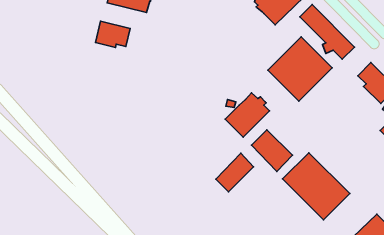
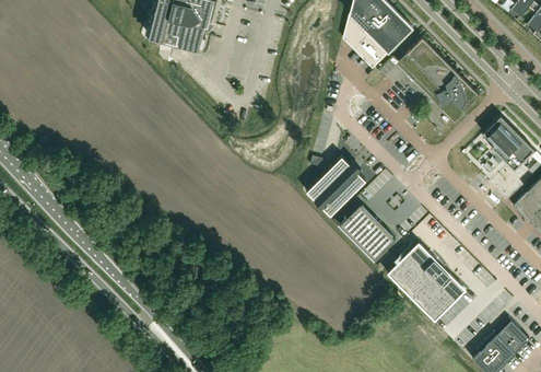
building: [95,21,130,47] -> none
building: [268,37,332,101] -> none
building: [216,153,254,192] -> none

